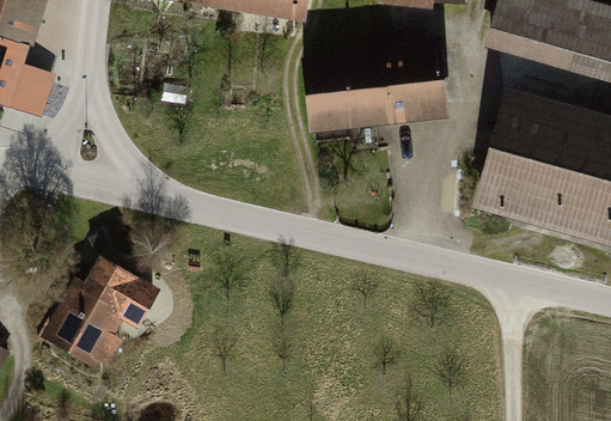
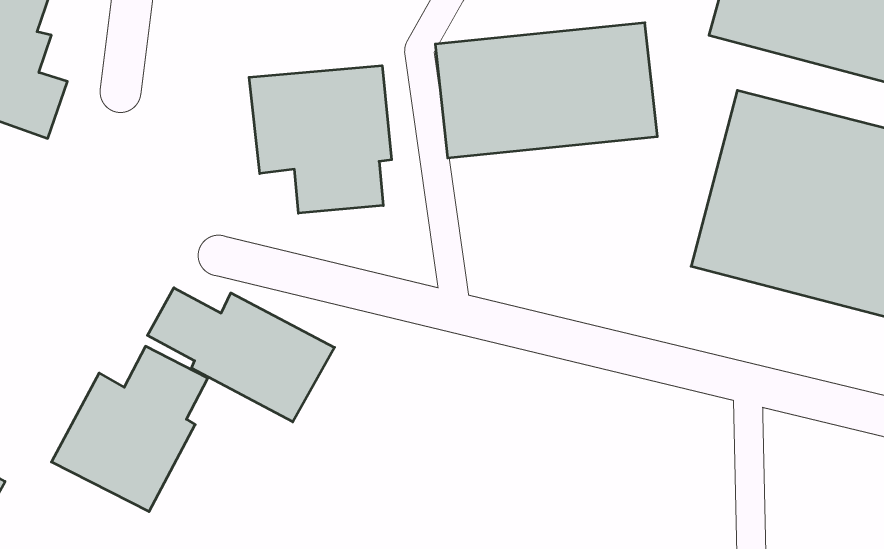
building: none -> [249,66,392,213]
building: none -> [147,288,335,422]

